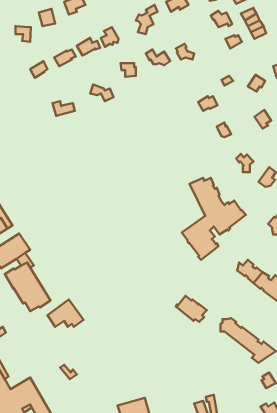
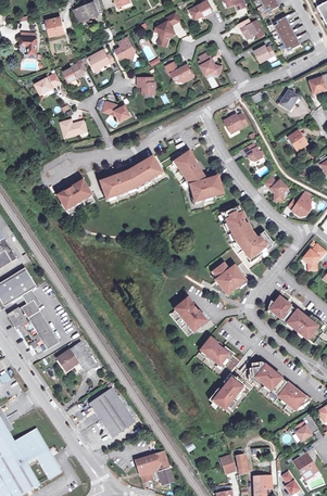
building: none -> [100,151,224,211]
building: none -> [58,180,93,215]
building: none -> [168,298,205,335]
building: none -> [209,372,243,409]
building: none -> [88,387,135,436]

